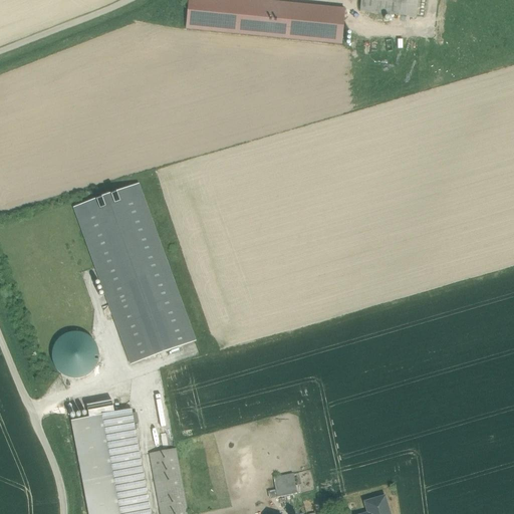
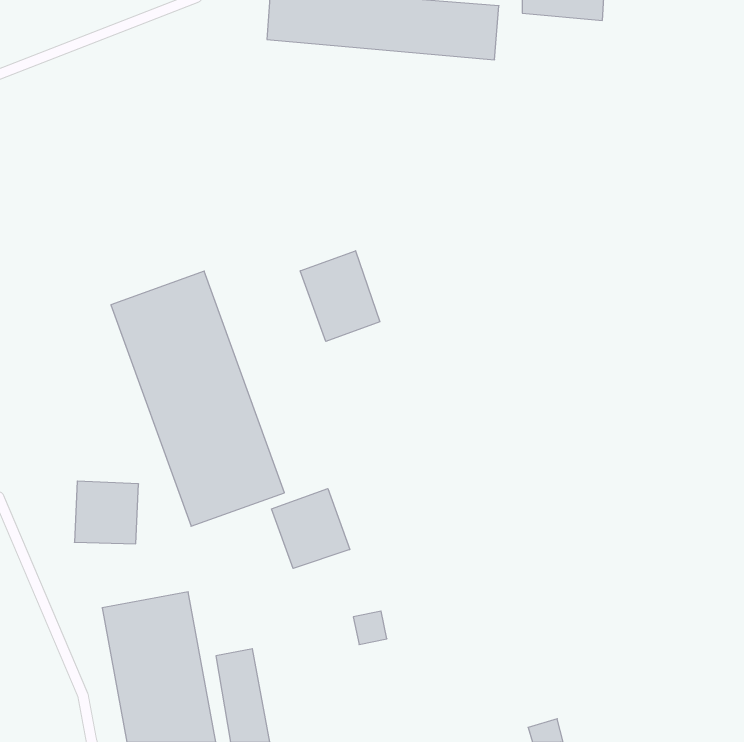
building: none -> [300,251,380,341]
building: none -> [271,489,350,568]
building: [272,473,295,496] -> [353,611,387,645]

